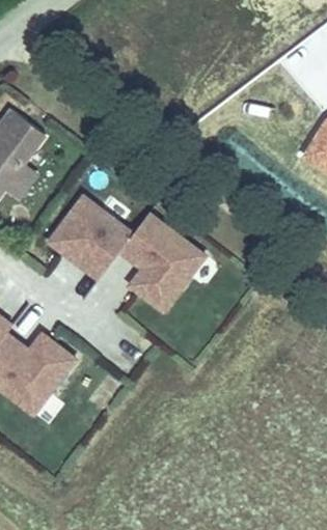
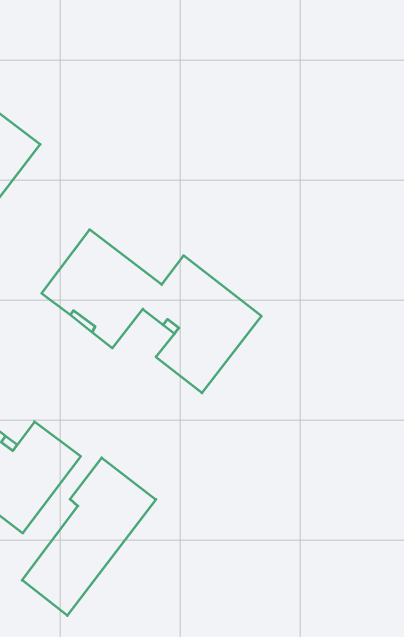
building: none -> [22,458,156,616]

